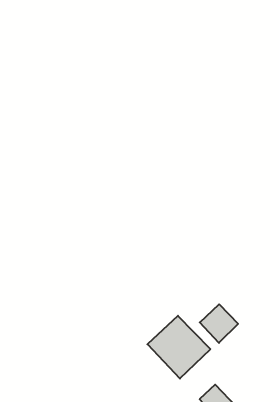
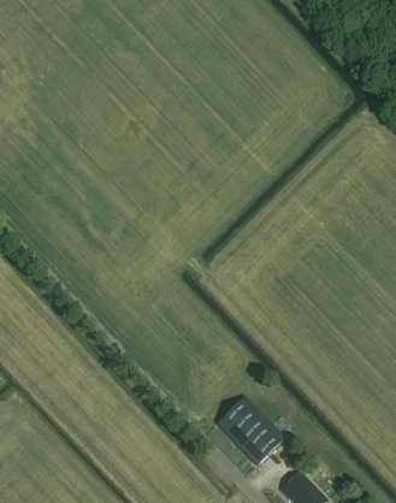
building: [200,304,238,343] -> none

